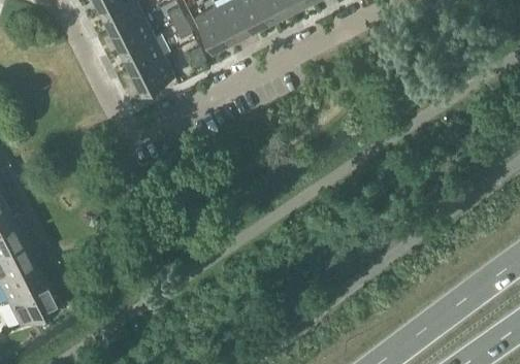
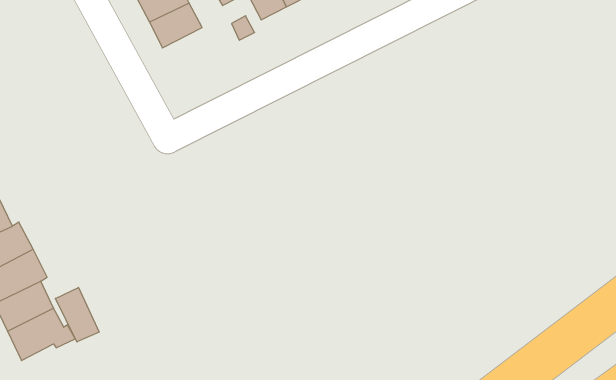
building: [131,57,173,93] -> none
building: none -> [55,287,99,342]

